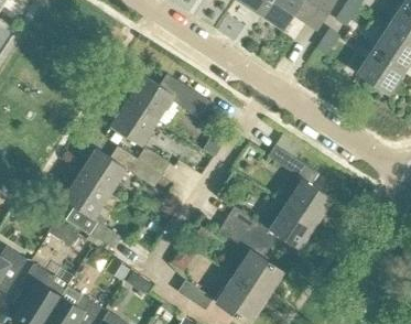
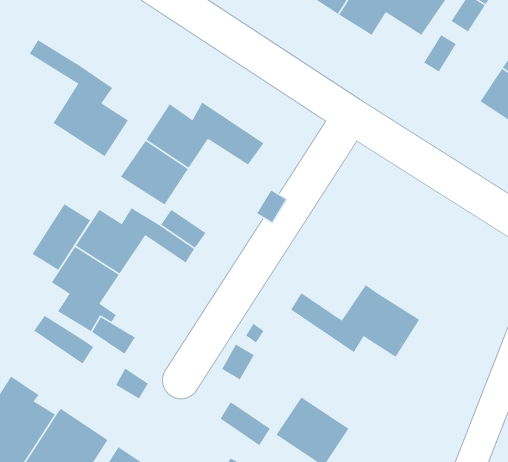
building: none -> [29,39,129,157]
building: none -> [31,203,91,271]
building: [268,145,332,224] -> none
building: [218,217,283,299] -> none

